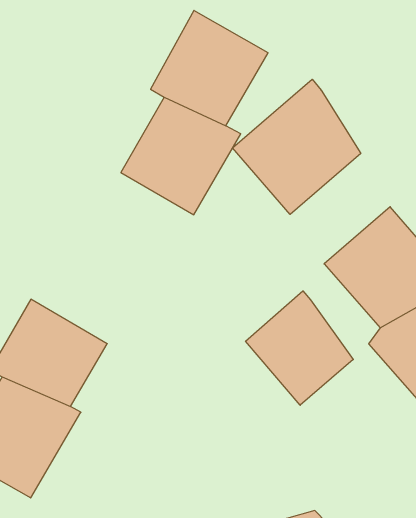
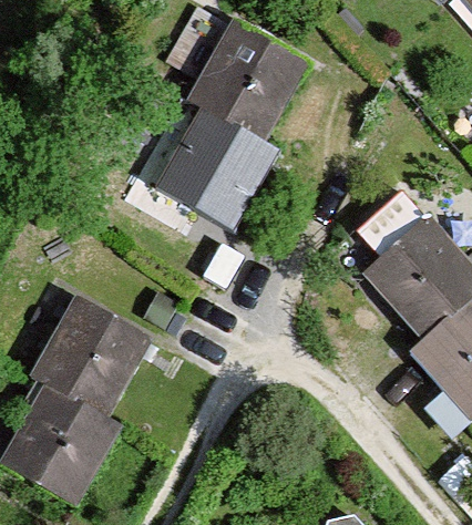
building: [233,79,361,214] -> none
building: [246,291,353,405] -> none

